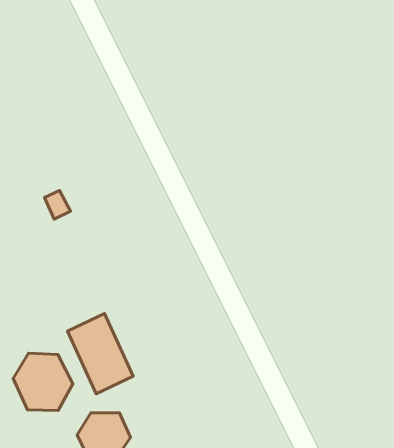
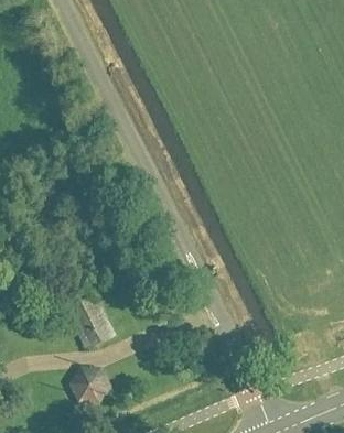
building: [13,353,73,411] -> none

